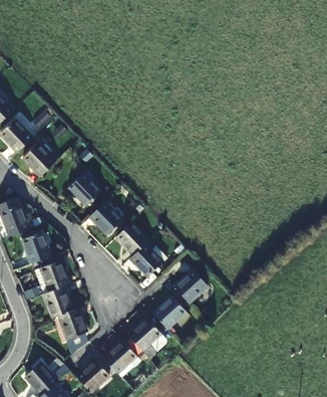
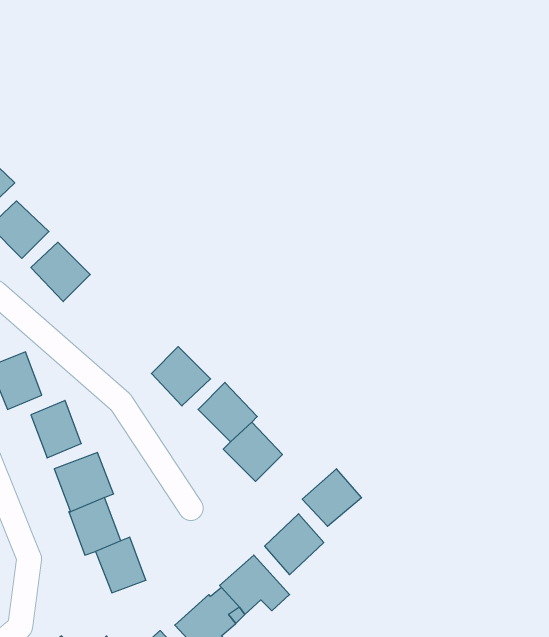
building: [68,174,101,207] -> none

